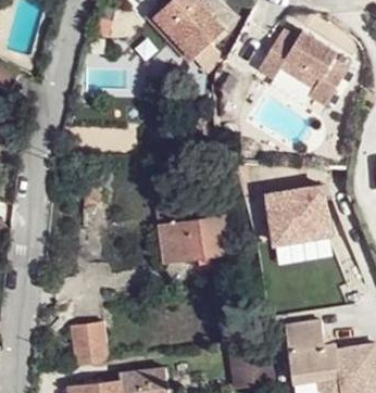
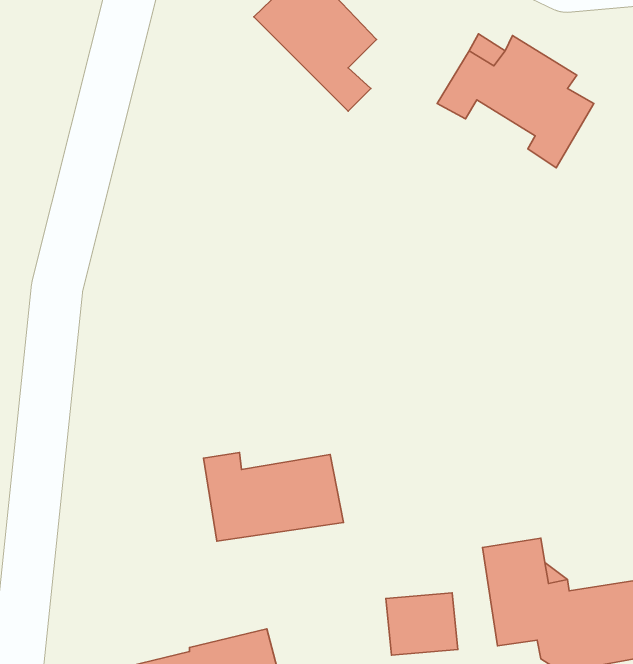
building: [262,187,338,252] -> none
building: [154,212,235,263] -> [204,453,343,541]
building: [66,324,105,365] -> none

